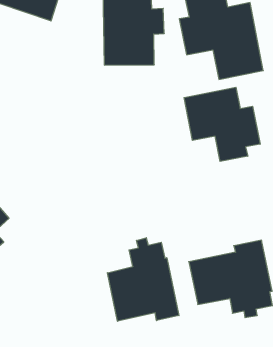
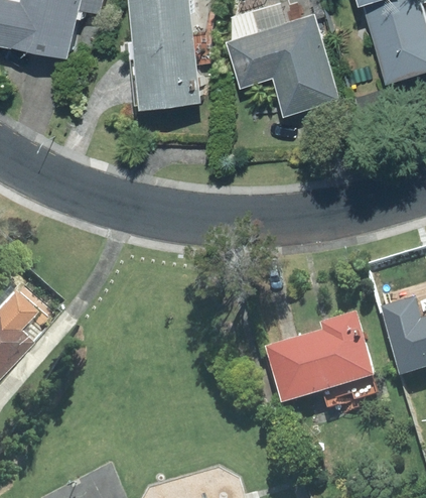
building: [184,87,260,161] -> none
building: [107,238,179,321] -> none

